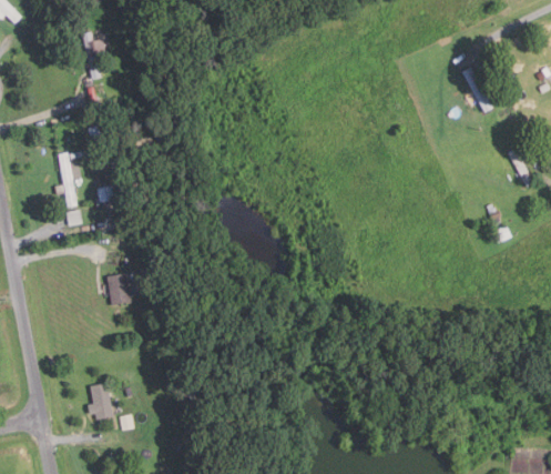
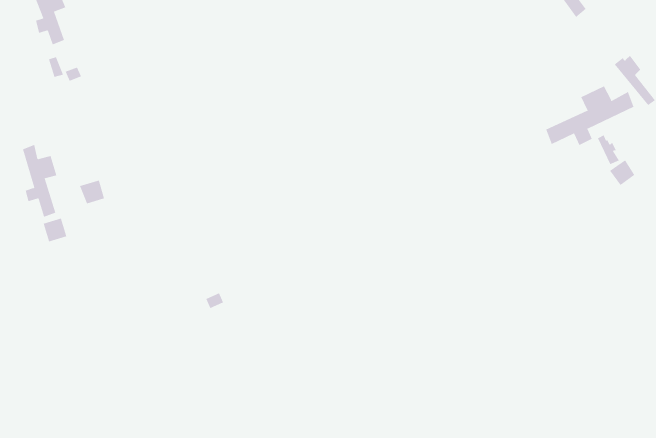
building: none -> [545,85,634,146]
building: [109,272,132,302] -> none

